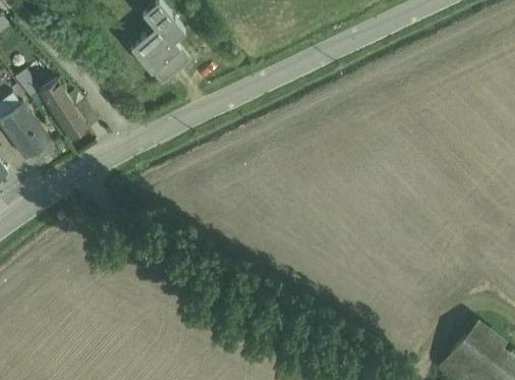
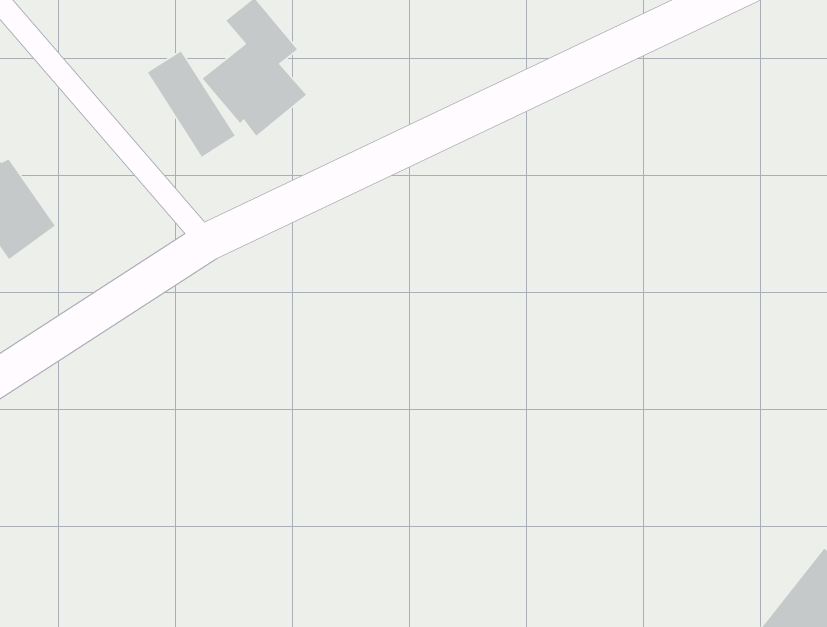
building: [38,77,88,138] -> [147,50,236,158]

